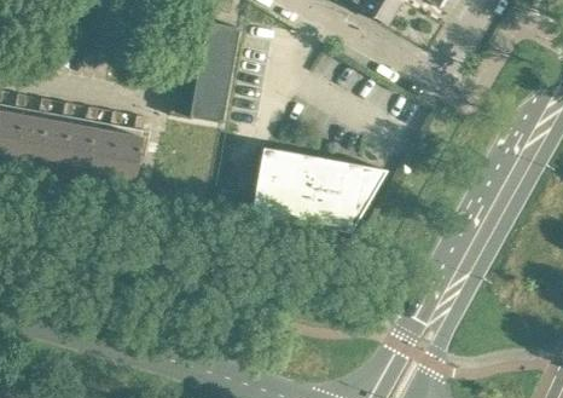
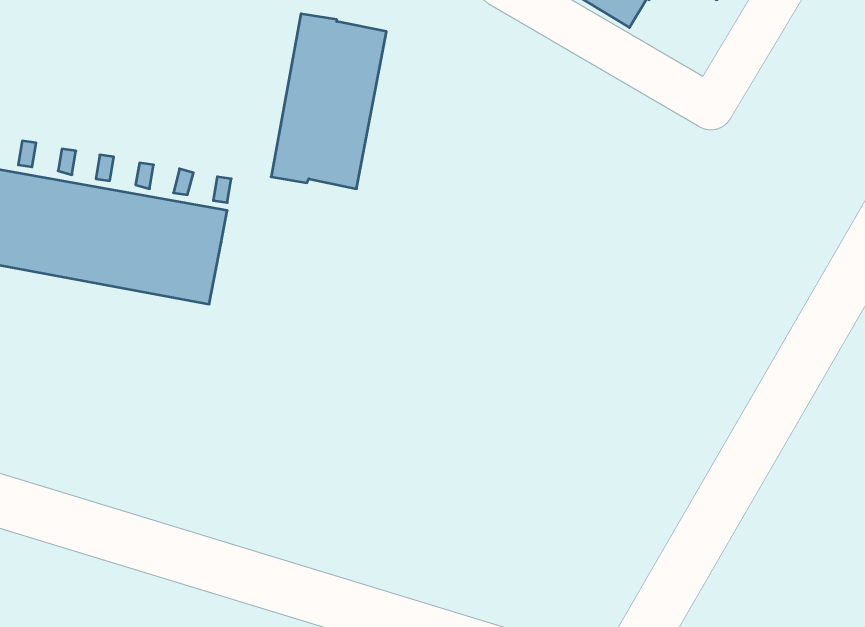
building: [253,144,388,229] -> none

